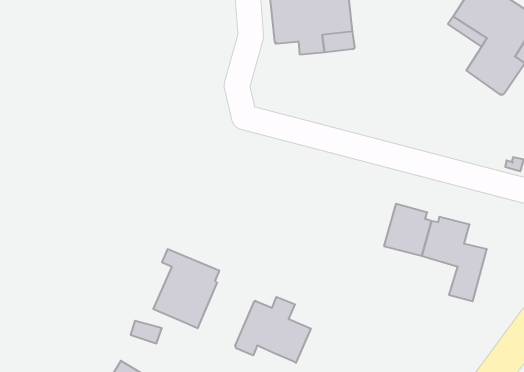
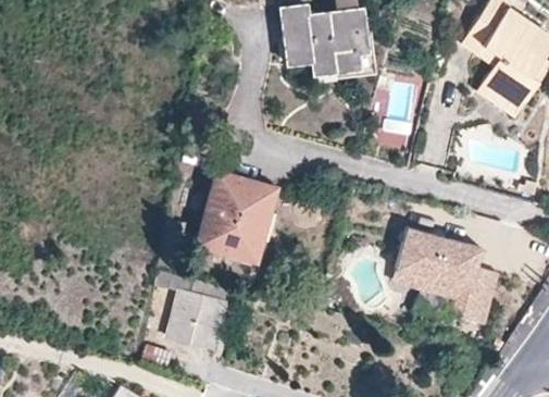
building: none -> [196,171,274,260]
building: none -> [391,269,469,318]
building: [235,297,311,363] -> none

